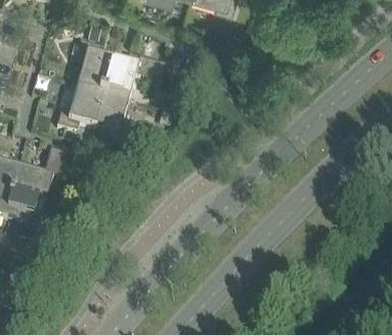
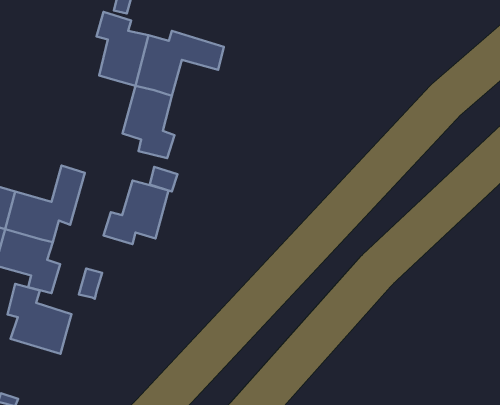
building: [56,85,102,130] -> [103,180,169,244]
building: none -> [8,284,71,354]

